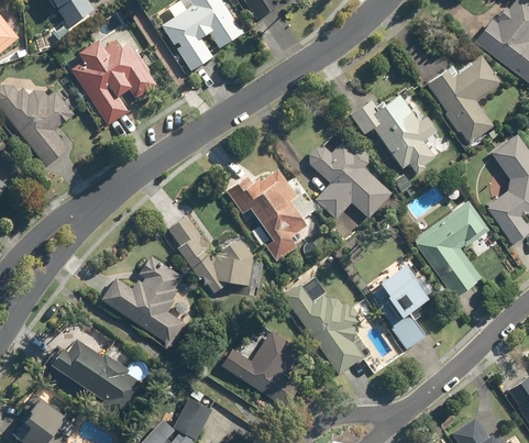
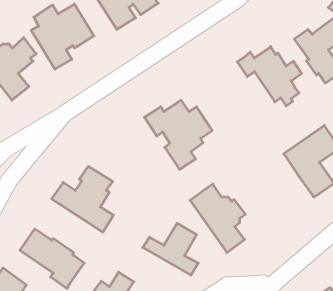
building: [309,142,393,221] -> none
building: [167,215,257,295] -> none
building: [378,262,430,350] -> none

